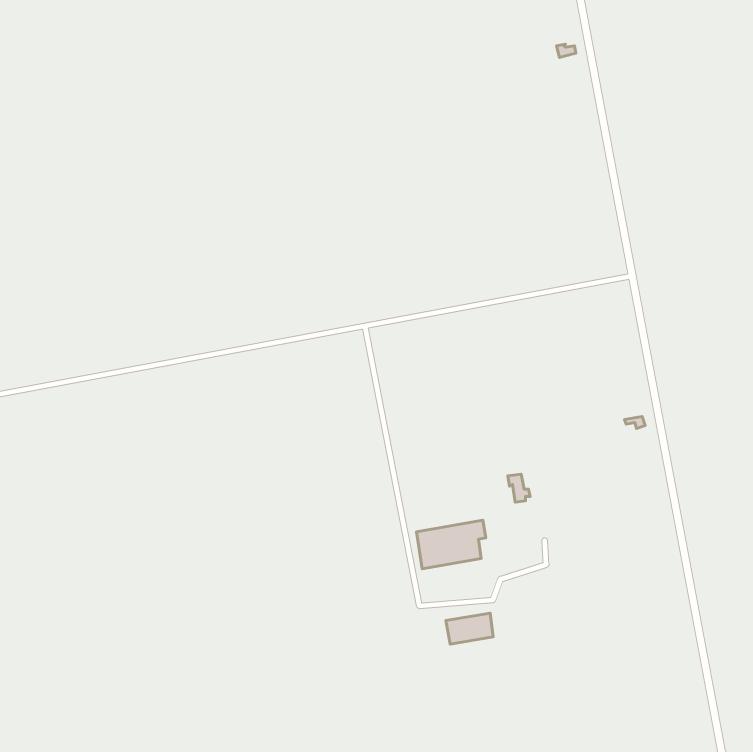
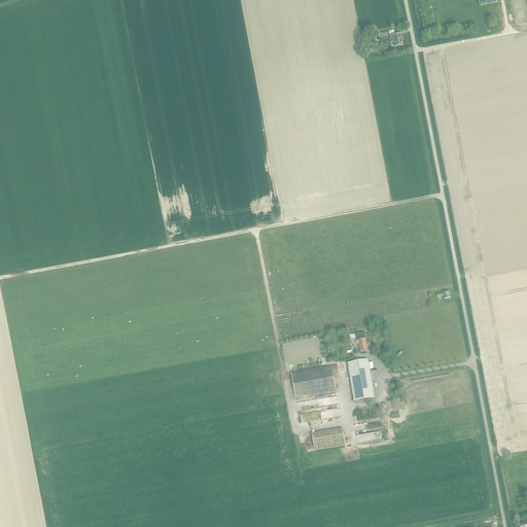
building: none -> [347,358,373,398]

